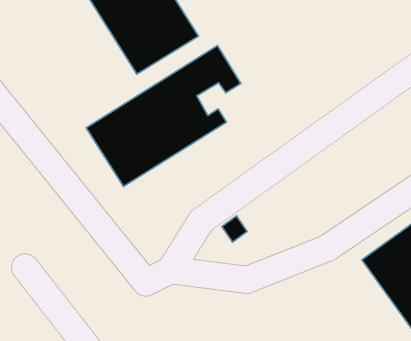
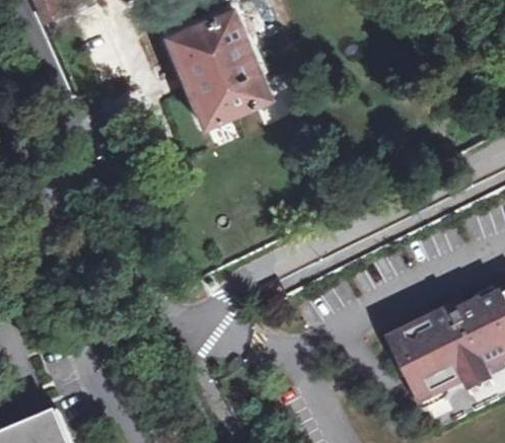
building: [86,46,241,186] -> none

